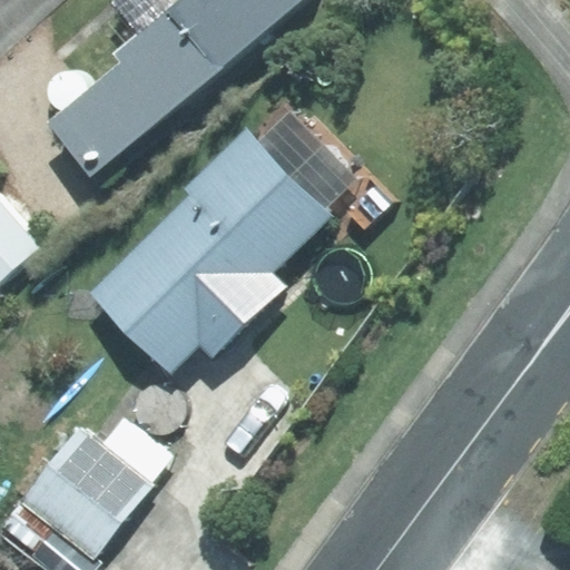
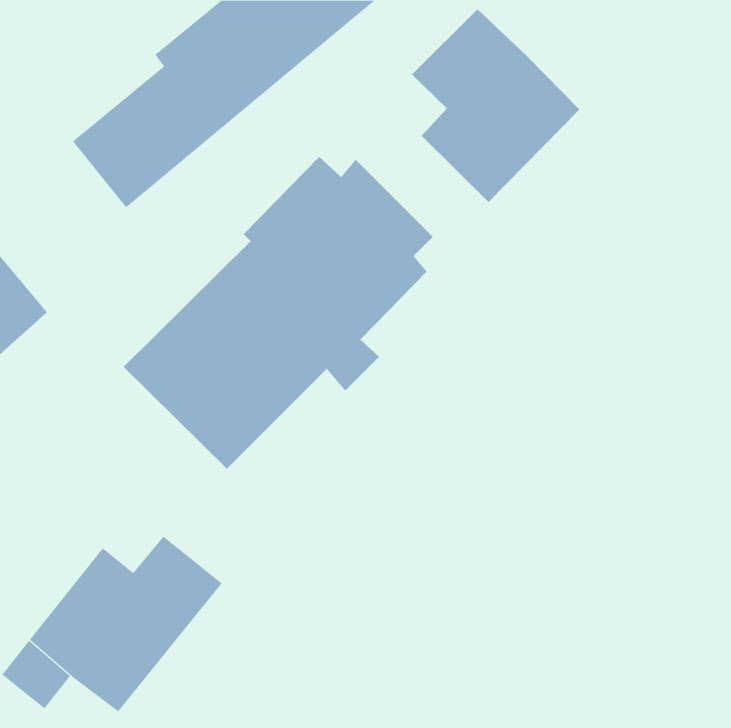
building: none -> [411,9,580,203]

